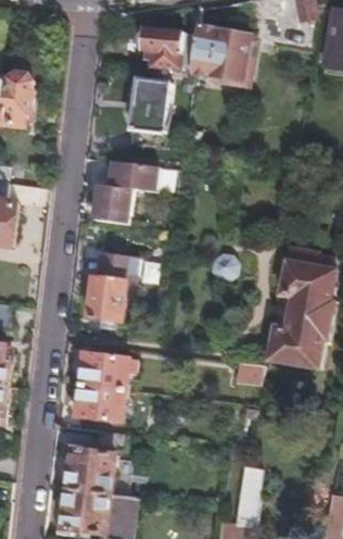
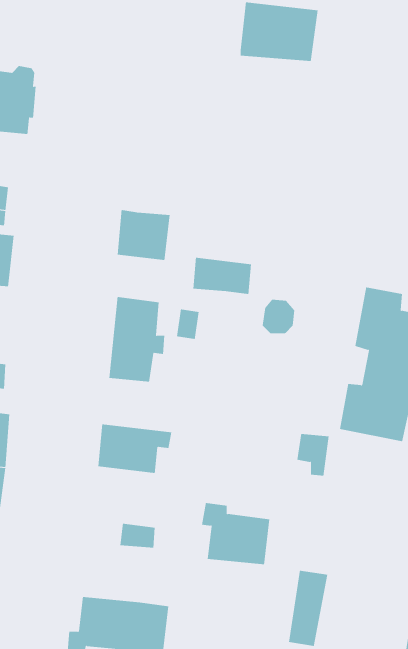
building: [143,27,194,68] -> none
building: [131,76,172,135] -> none
building: [111,162,157,191] -> [192,257,252,294]
building: [76,387,125,422] -> none
building: [63,444,117,493] -> [201,503,270,565]

